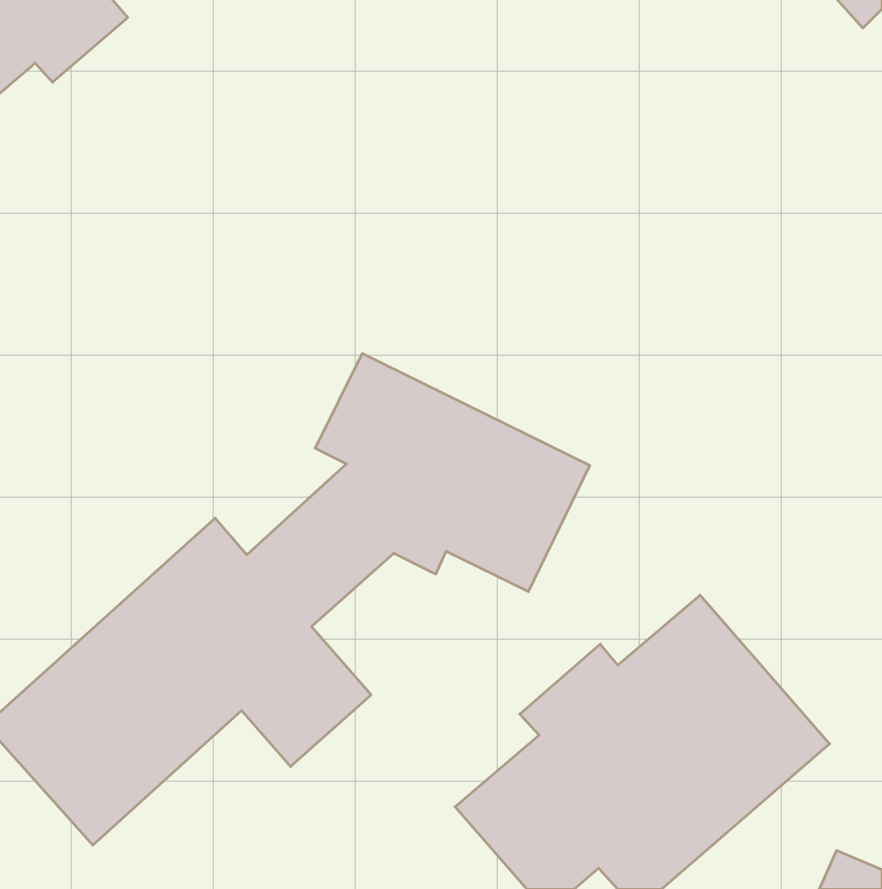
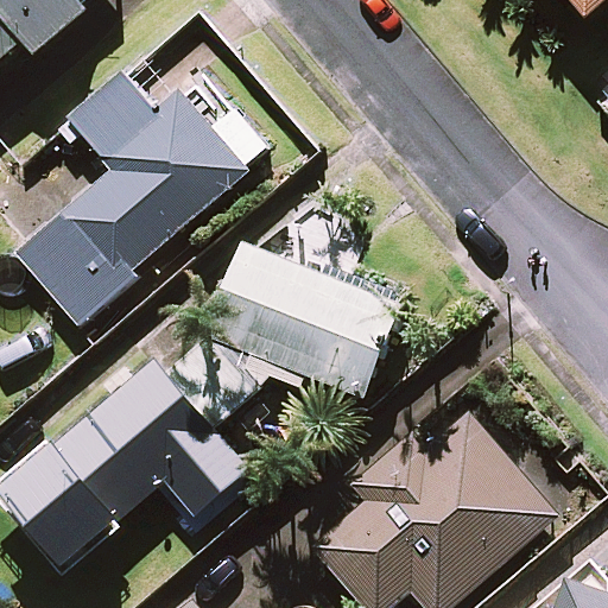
building: none -> [15,72,264,324]

